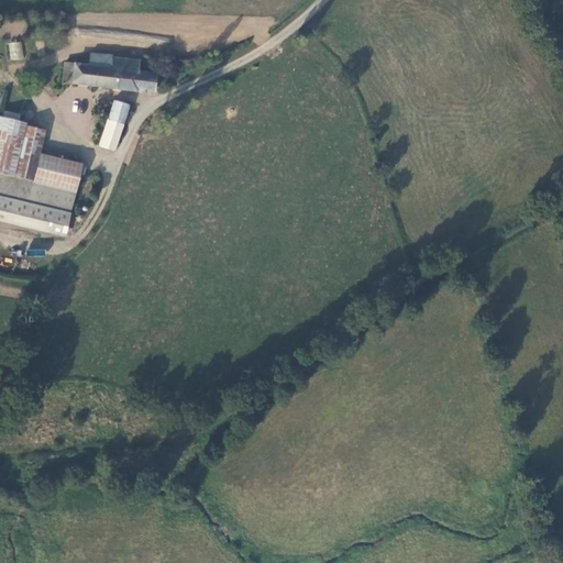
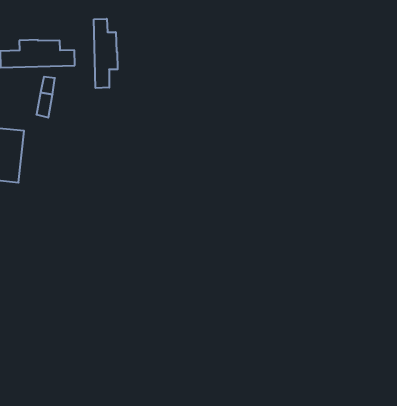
building: none -> [94,19,118,88]

